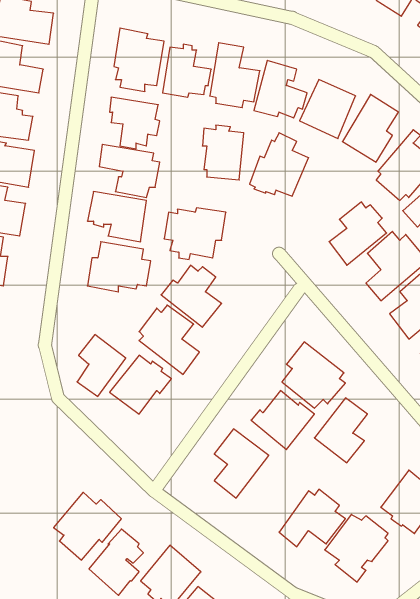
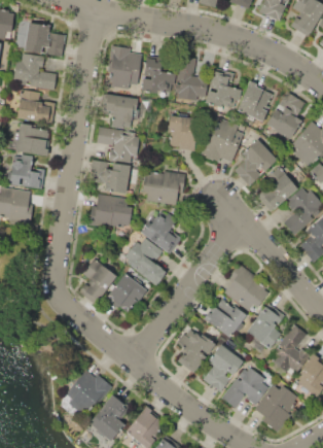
building: none -> [235,138,277,185]
building: none -> [271,324,310,374]
building: none -> [204,344,243,391]

